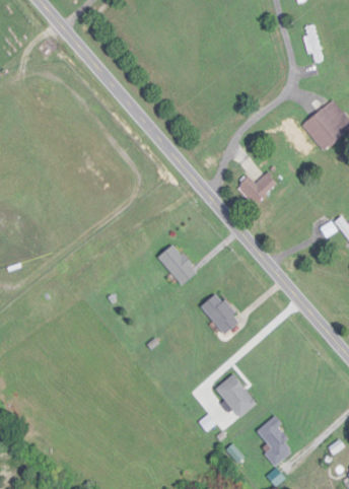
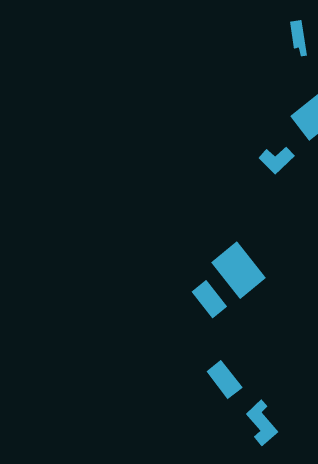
building: [237,173,277,204] -> [257,146,296,176]
building: [158,243,196,285] -> none
building: none -> [210,240,267,300]

